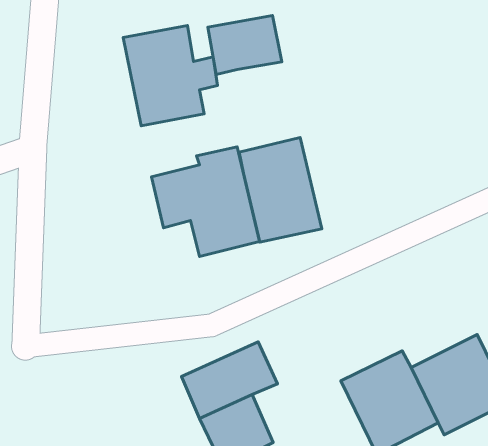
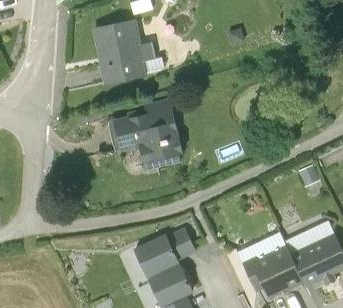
building: [208,15,282,74] -> none
building: [239,137,322,242] -> none

